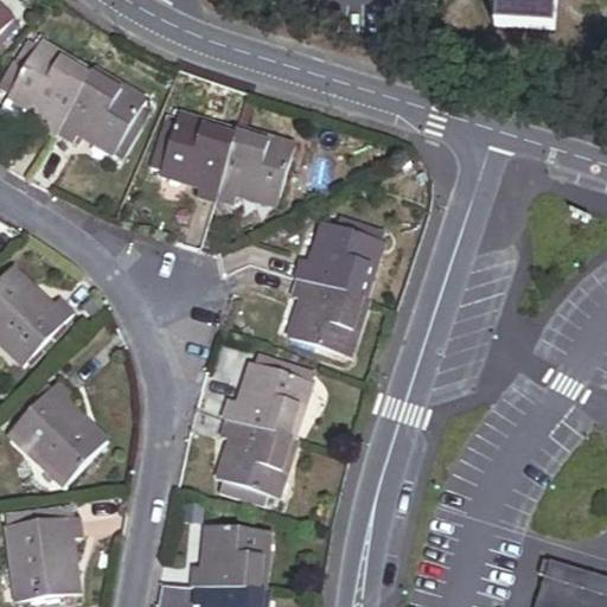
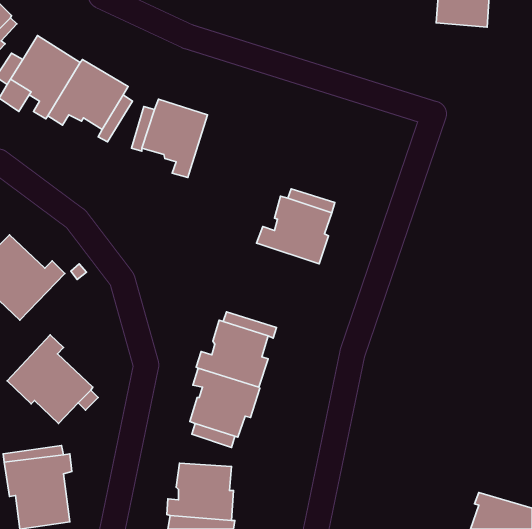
building: [215,126,294,203] -> none
building: [286,277,366,356] -> none

